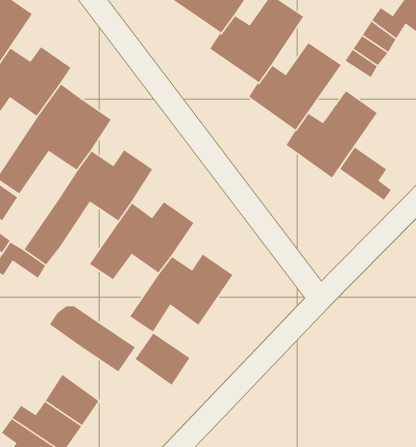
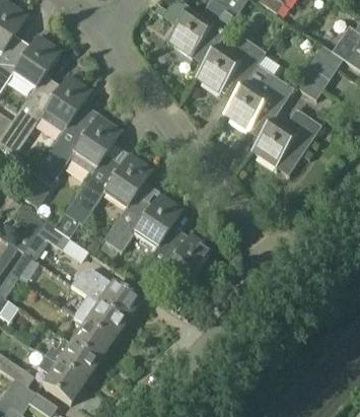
building: [339,147,392,201] -> none
building: [134,332,191,386] -> [83,301,126,342]

